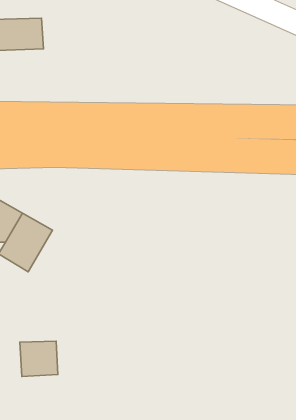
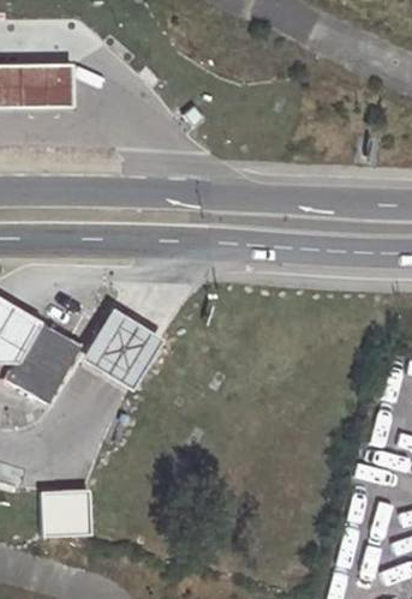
building: none -> [85,310,166,389]

